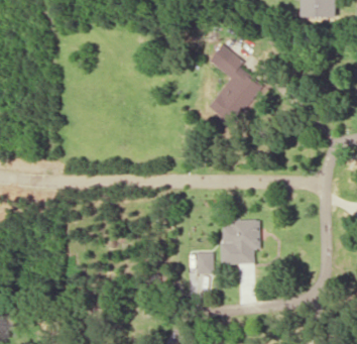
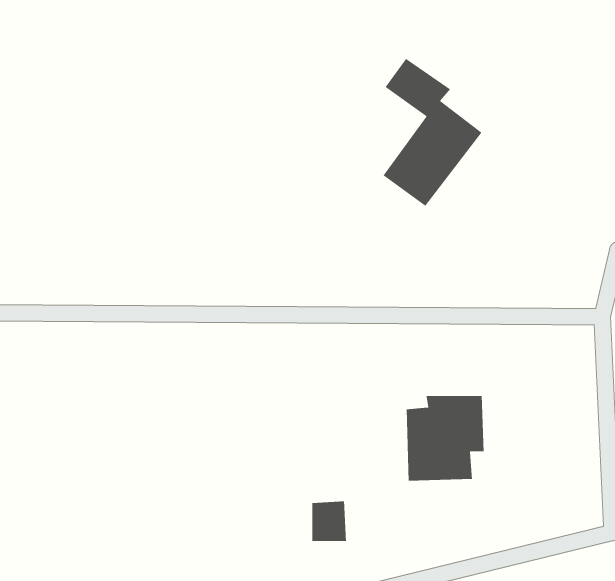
building: [195,252,213,273] -> [312,501,347,542]

